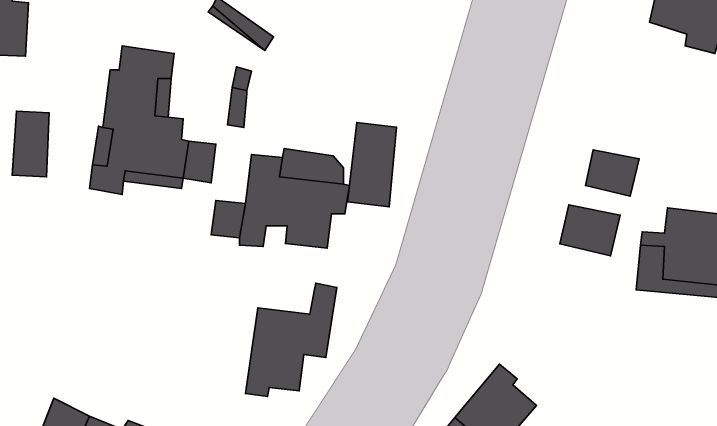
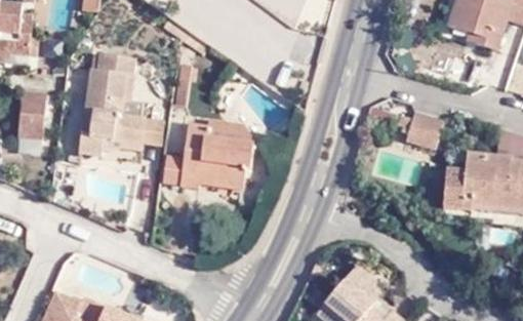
building: [348,123,396,207] -> none
building: [560,205,620,256] -> none
building: [245,283,337,397] -> none

